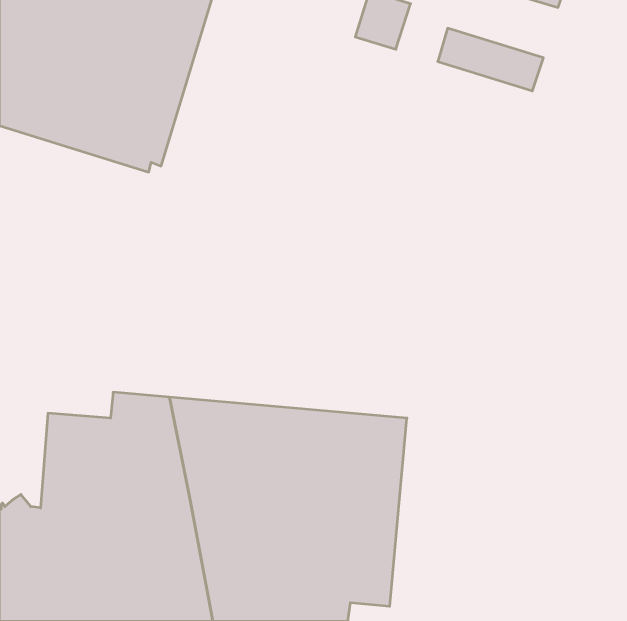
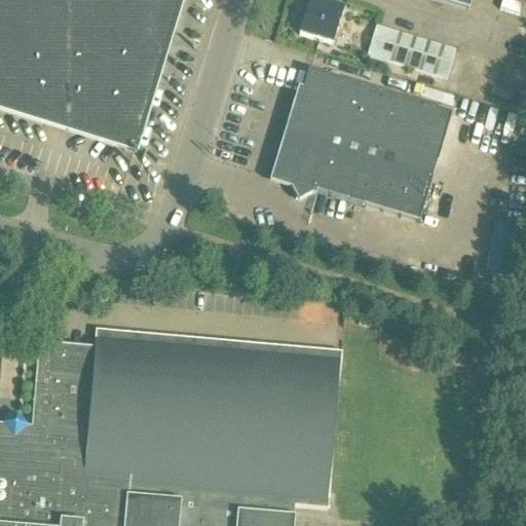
building: none -> [273,68,450,220]

